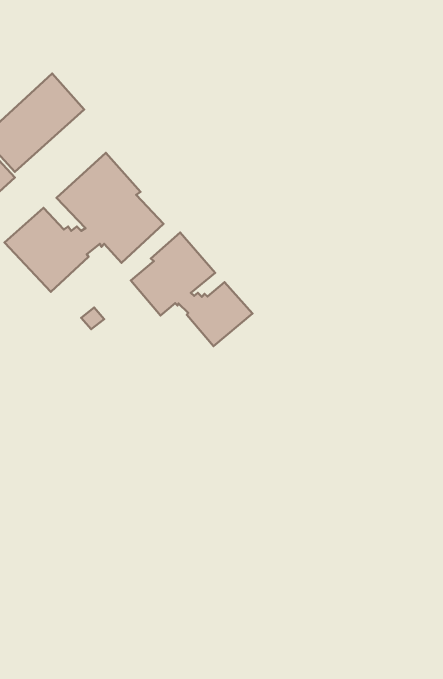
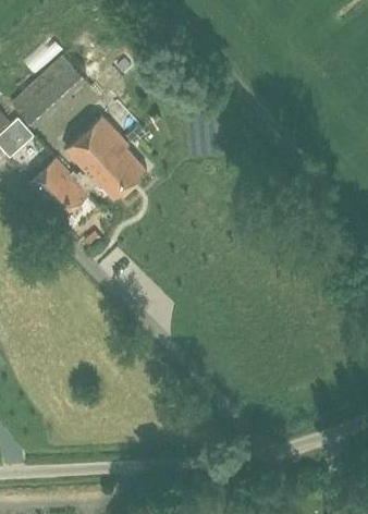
building: [131,232,253,346] -> none

